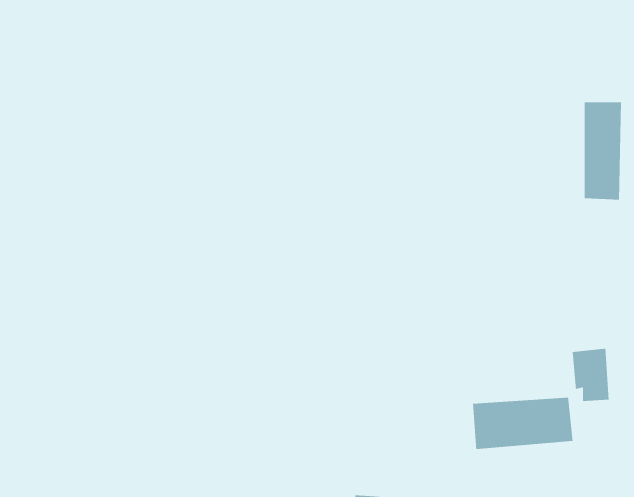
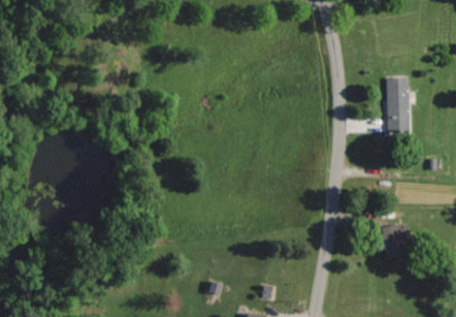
building: [473,397,573,450] -> none

